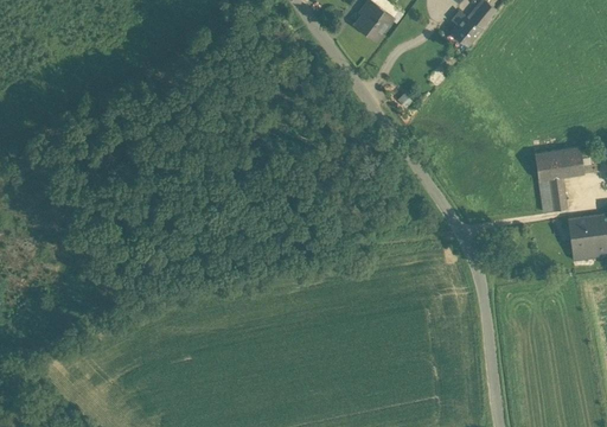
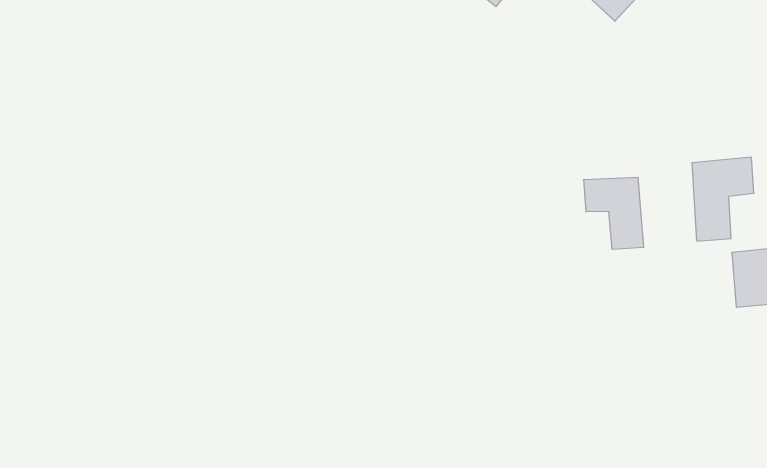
building: none -> [584,177,644,249]

